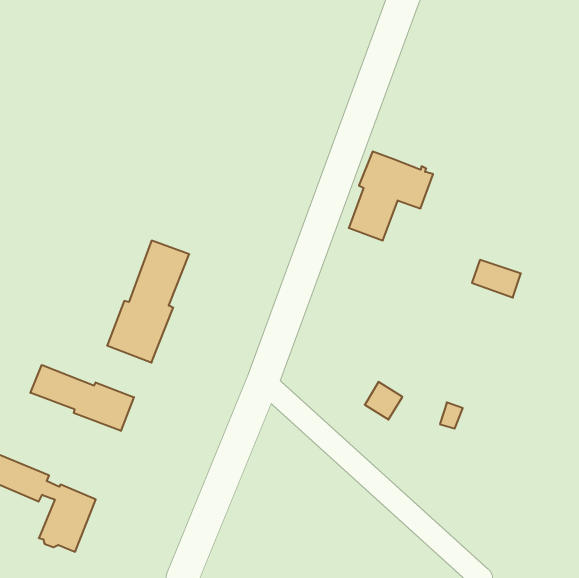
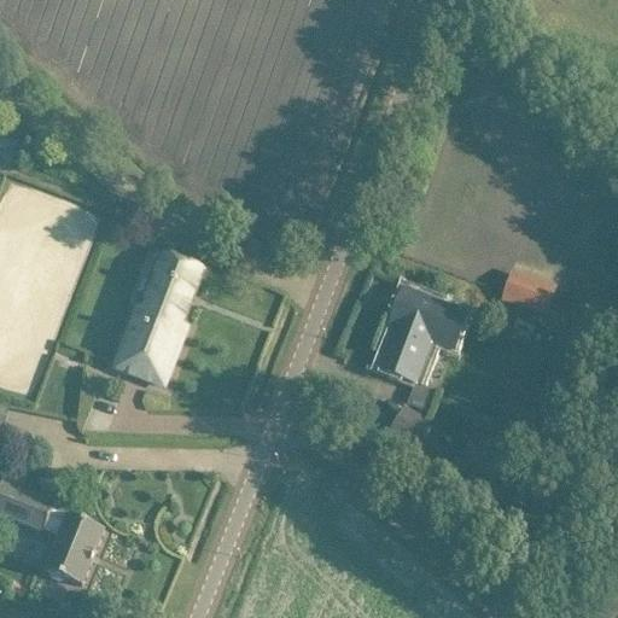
building: [349,151,433,240] -> [375,287,465,381]
building: [30,365,134,431] -> none

